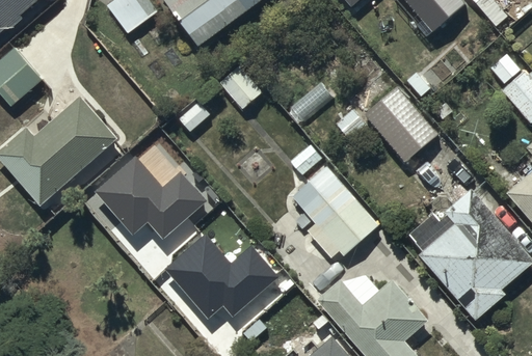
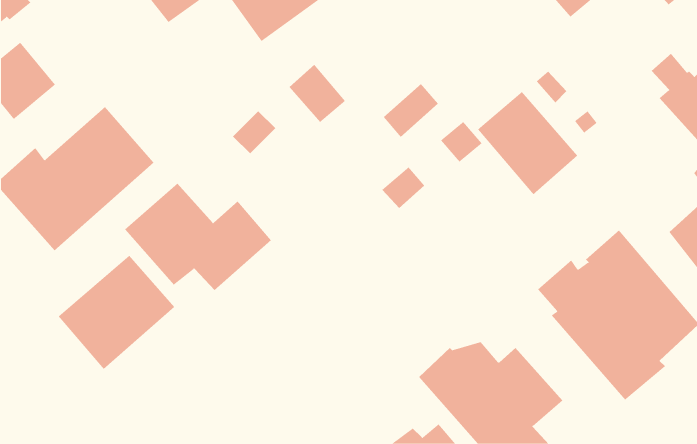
building: [288,161,380,259] -> none
building: none -> [58,255,175,370]
building: [165,231,278,317] -> none

